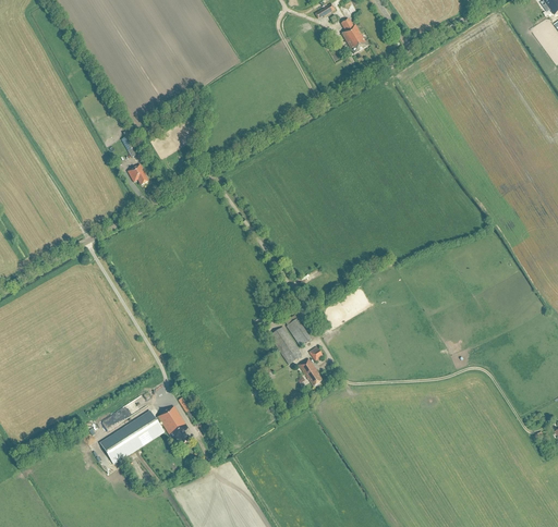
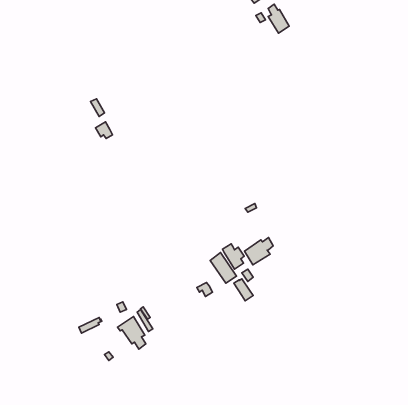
building: none -> [245,237,273,265]
building: [100,410,163,463] -> none

